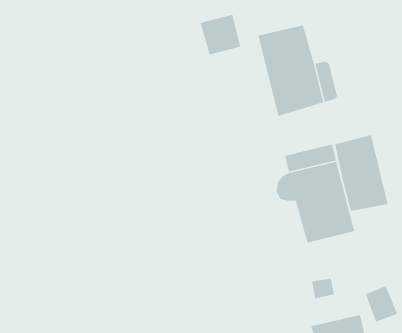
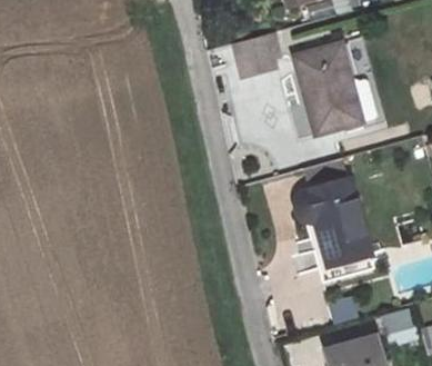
building: [334,134,389,212] -> none

